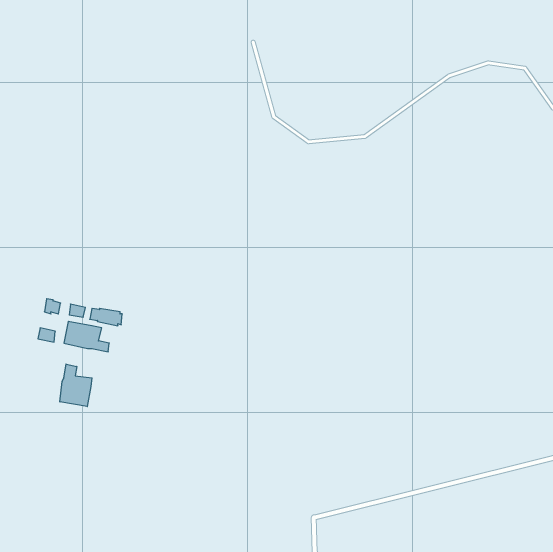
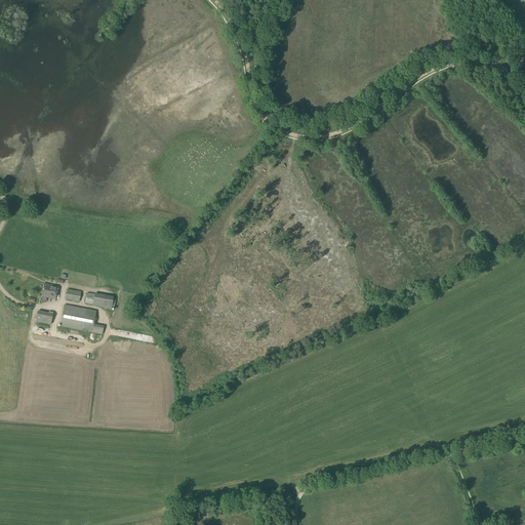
building: [60,364,92,407] -> none

